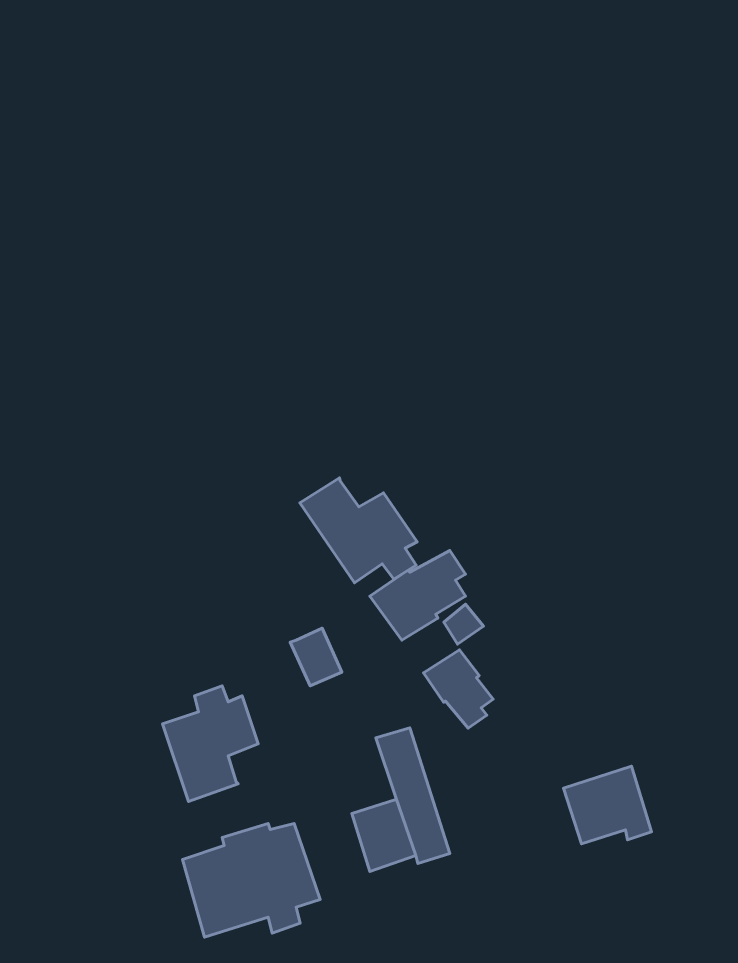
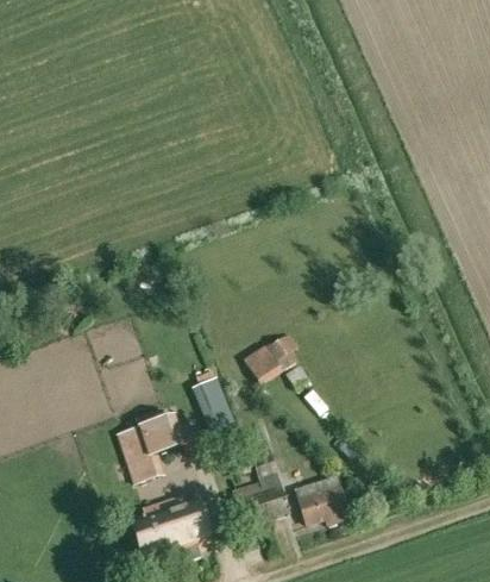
building: [300,478,417,583] -> none
building: [423,650,493,728] -> none
building: [564,766,651,844] -> [296,477,348,524]

